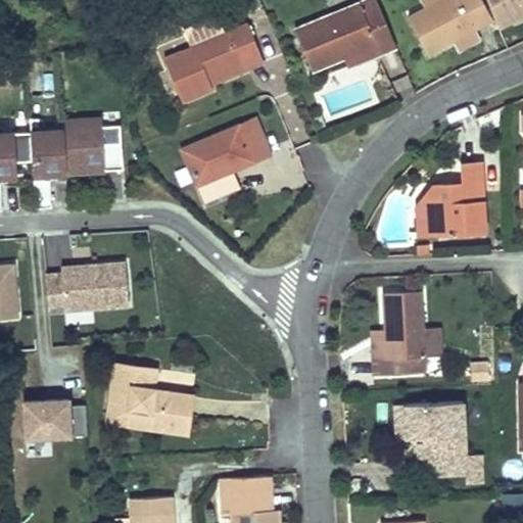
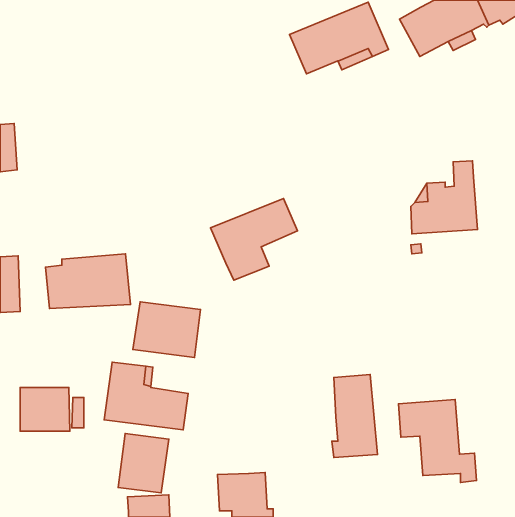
building: [161,27,260,105] -> none
building: [34,113,107,173] -> none
building: [180,123,268,205] -> [211,198,298,280]
building: [380,291,426,375] -> [332,374,377,457]
building: none -> [133,302,200,357]
building: none -> [118,433,169,493]

